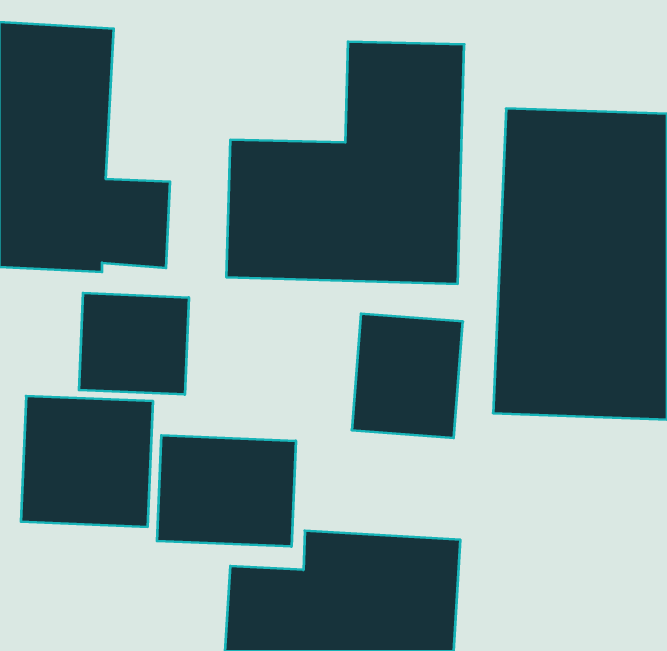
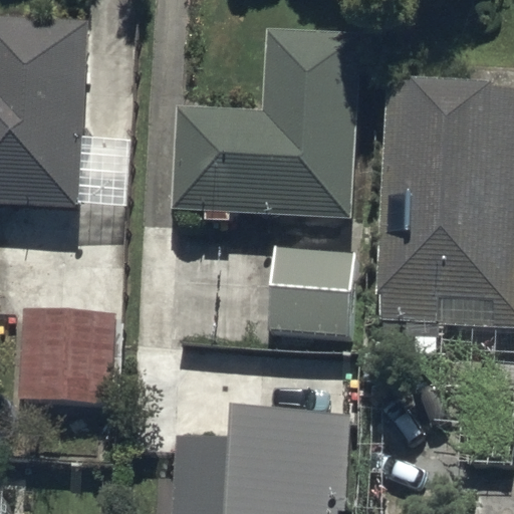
building: [79,293,189,395] -> none
building: [157,435,296,547] -> none

